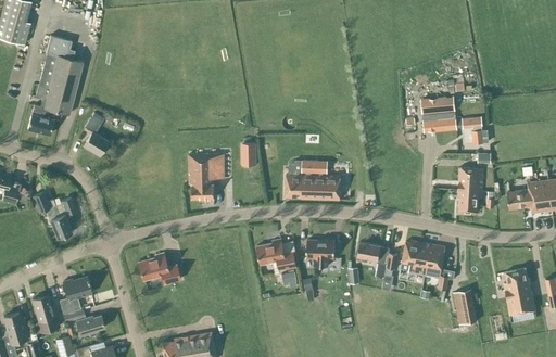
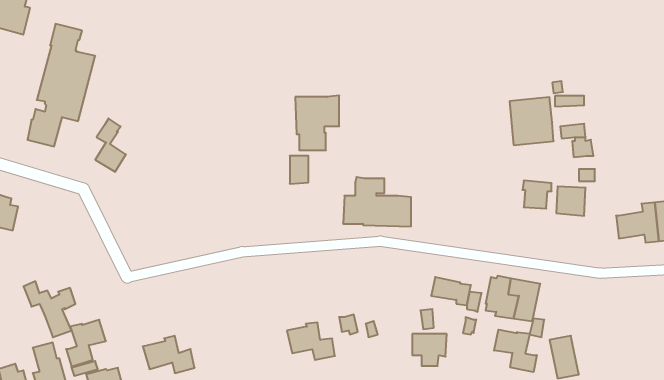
building: [189,153,225,197] -> [295,96,339,150]
building: [458,189,482,212] -> [522,181,552,209]
building: [34,191,76,237] -> [23,281,75,337]
building: [257,239,296,269] -> [287,323,335,360]
building: [307,240,336,266] -> [412,334,447,366]
building: [138,253,180,283] -> [143,336,195,373]
building: [505,268,536,315] -> none
building: none -> [494,330,537,372]

